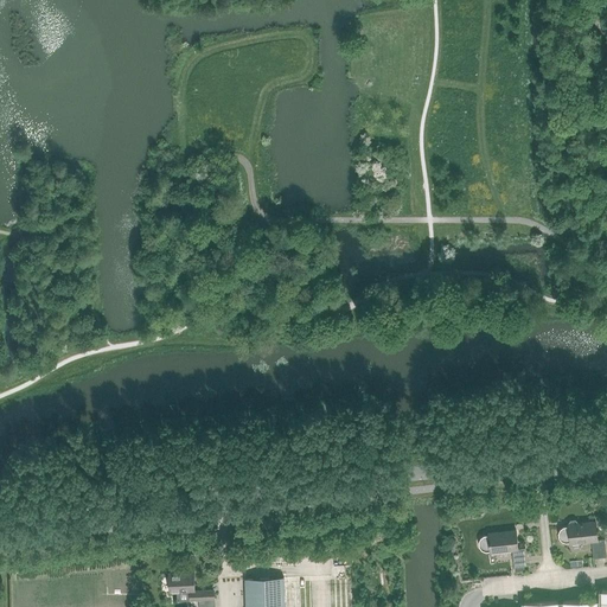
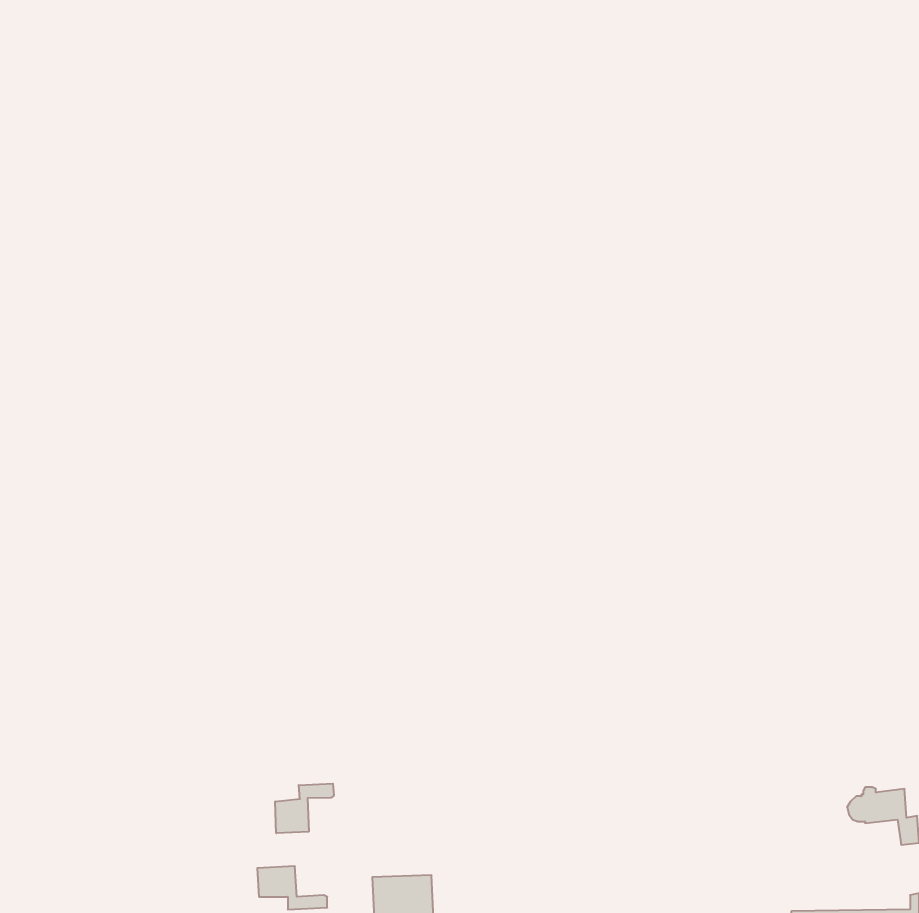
building: none -> [275,784,334,833]
building: [479,533,528,571] -> none

